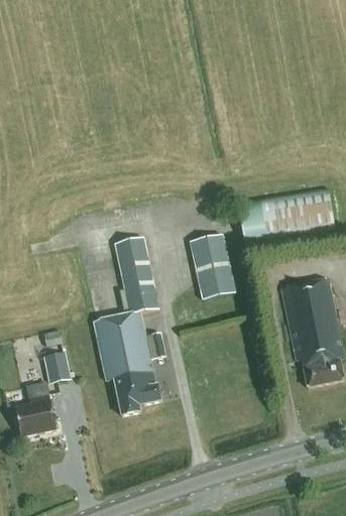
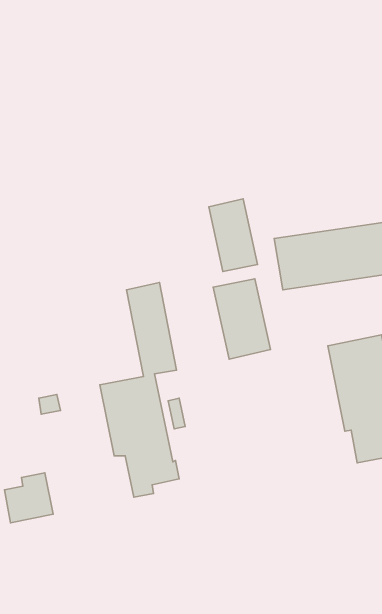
building: none -> [209,199,257,271]
building: [43,352,70,382] -> none

